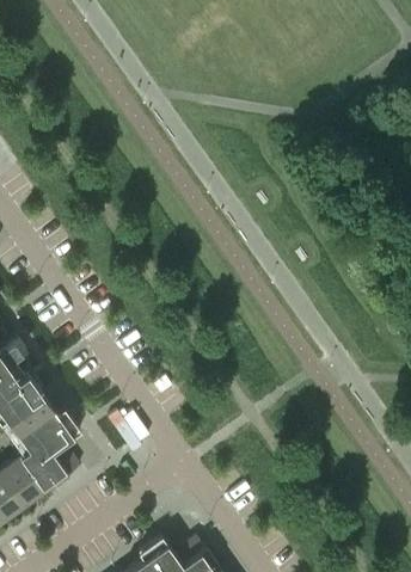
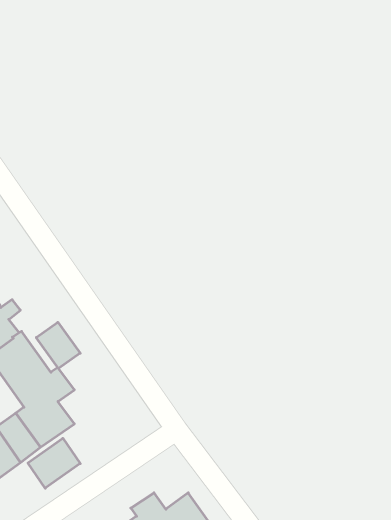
building: none -> [36,322,80,368]
building: none -> [28,438,80,488]

